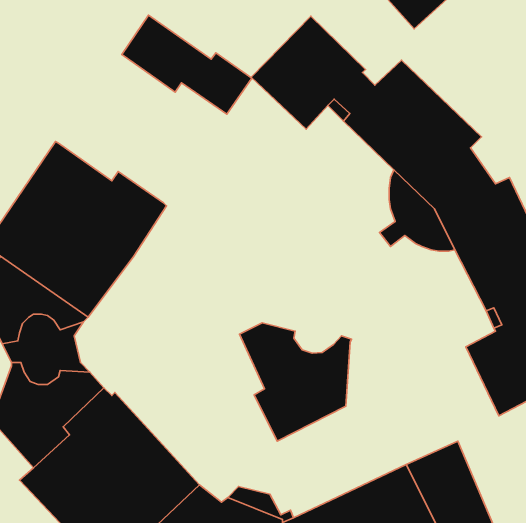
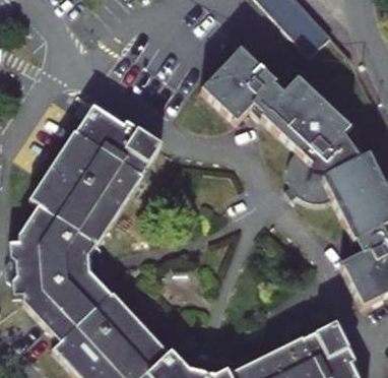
building: [122,15,252,114] -> [77,102,161,166]
building: [239,323,352,441] -> none

